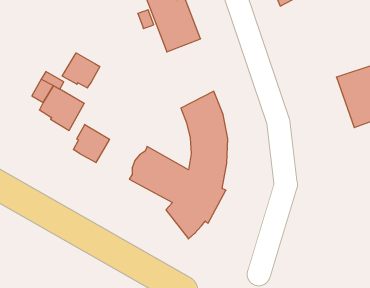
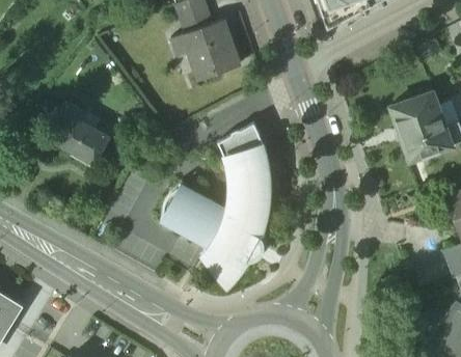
building: [62,53,100,88] -> none
building: [73,124,109,163] -> none

